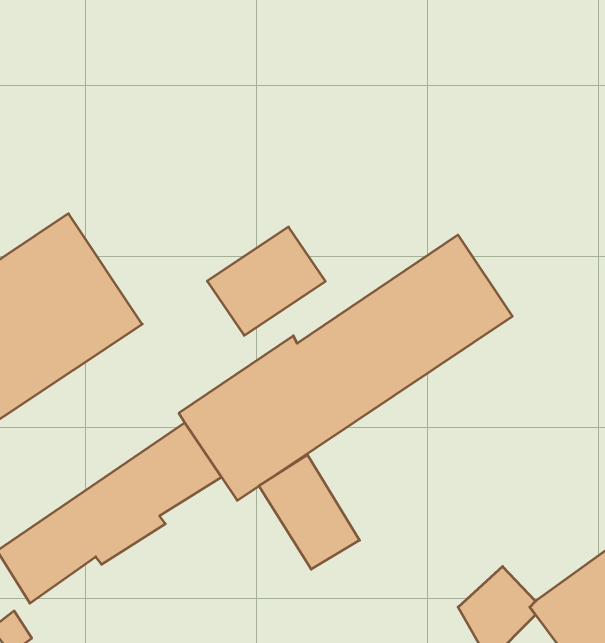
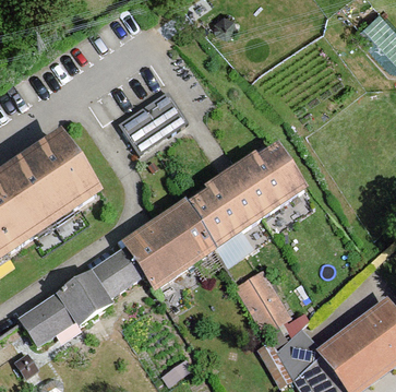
building: [207,227,325,335] -> [120,92,187,153]
building: [259,455,360,569] -> [236,270,292,334]

